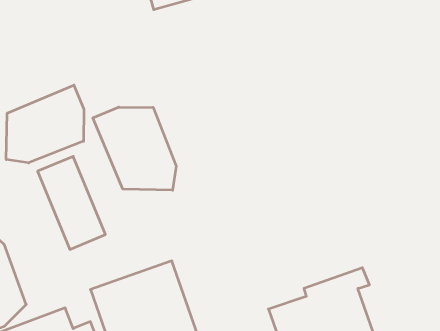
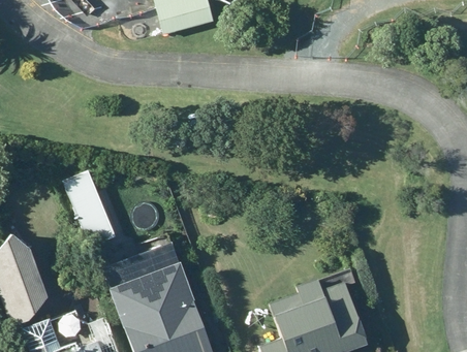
building: [6,85,84,163] -> none
building: [93,107,176,190] -> none

